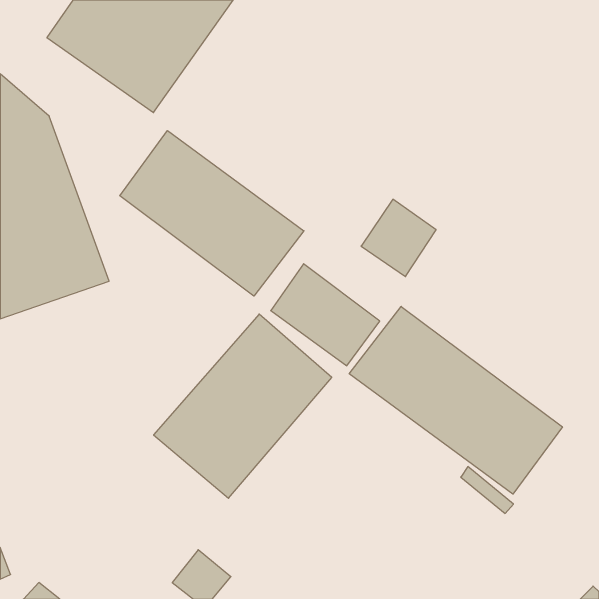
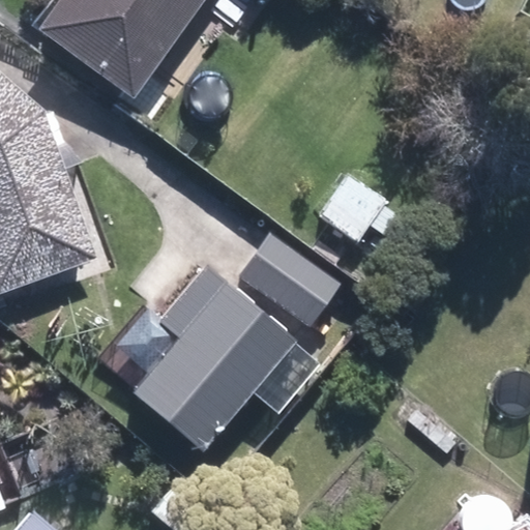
building: [120,131,304,296] -> none
building: [349,306,562,494] -> none

